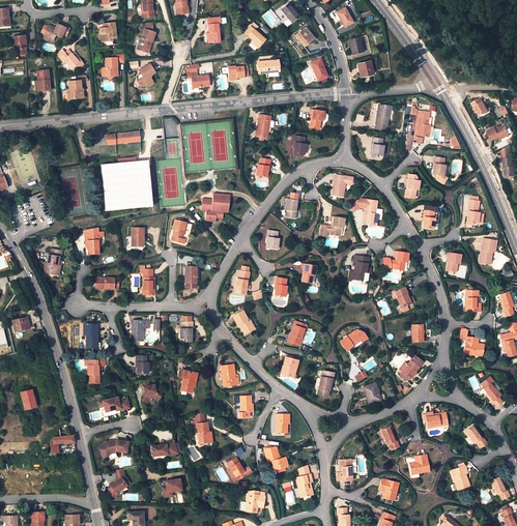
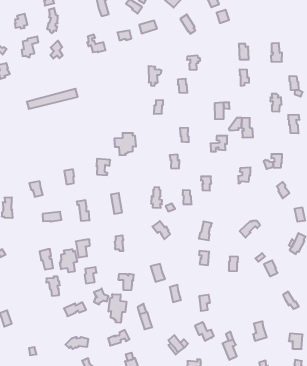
building: [102,159,152,210] -> none
building: none -> [60,249,77,272]
building: none -> [109,294,126,323]

